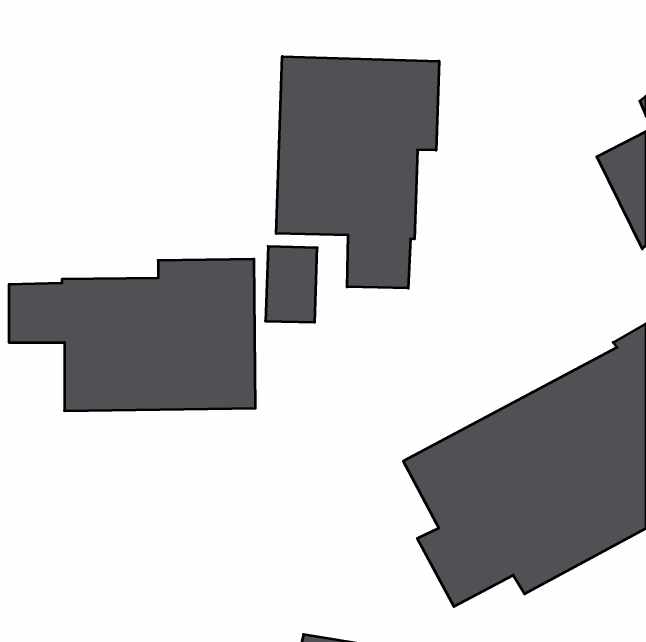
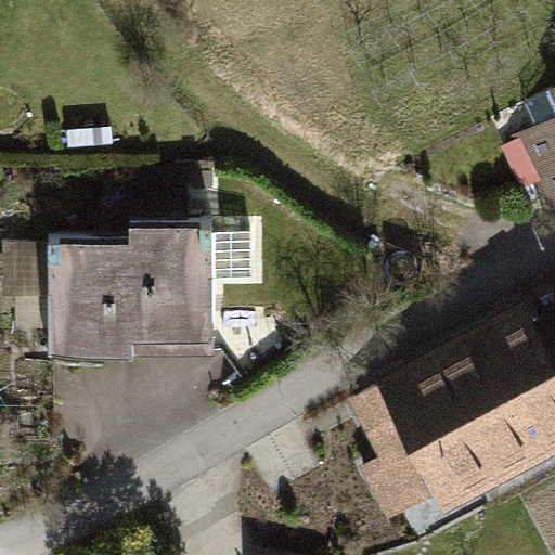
building: [276,56,439,288] -> none

